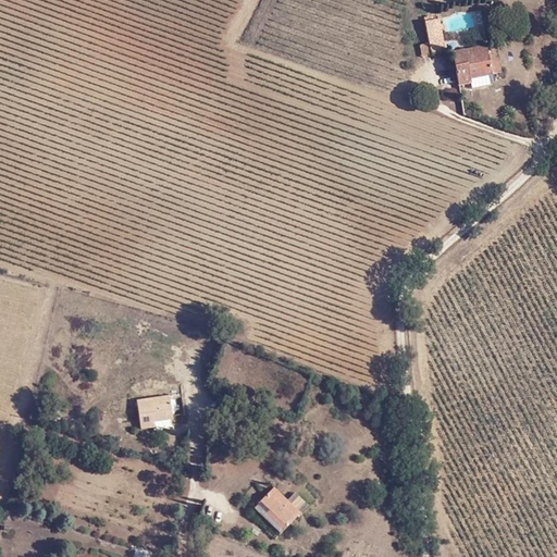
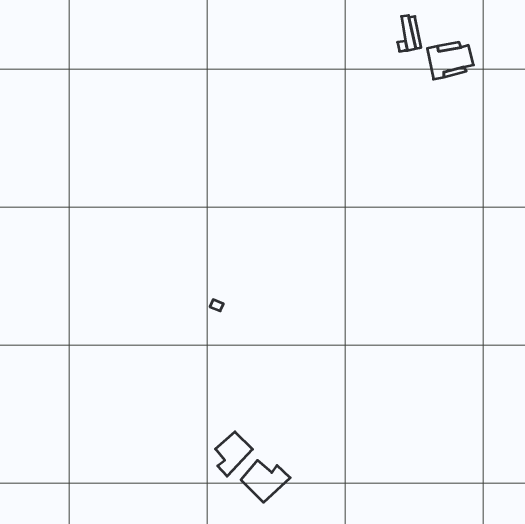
building: [137,395,171,426] -> none
building: none -> [215,432,253,476]

